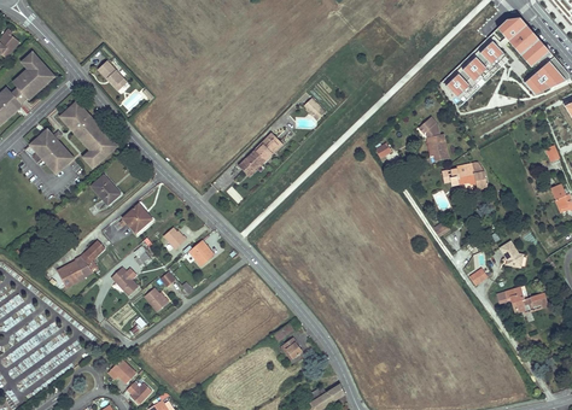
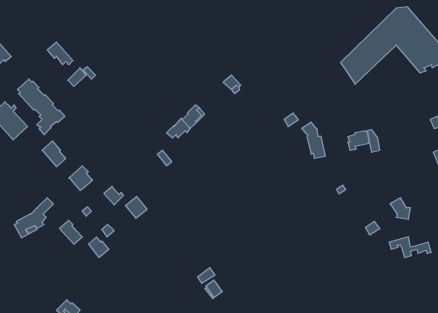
building: [420,118,448,160] -> [302,122,325,158]

